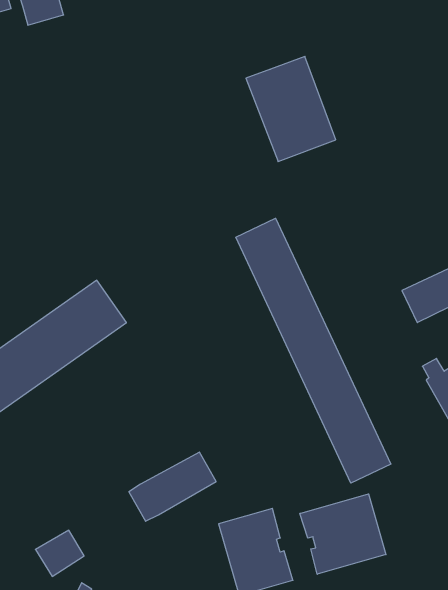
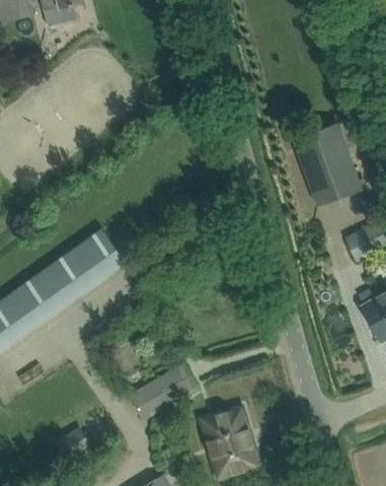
building: [246,56,336,162] -> [294,122,365,205]
building: [236,218,391,483] -> none
building: [300,494,386,574] -> none

